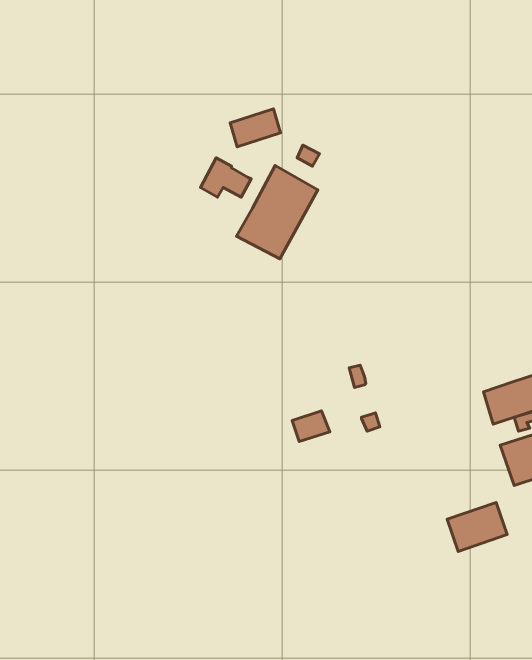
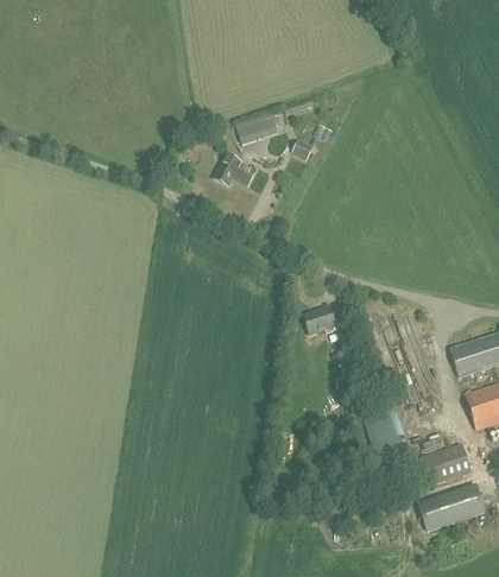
building: [237,166,318,259] -> none
building: [292,411,330,441] -> [303,306,335,332]
building: none -> [418,483,485,530]

